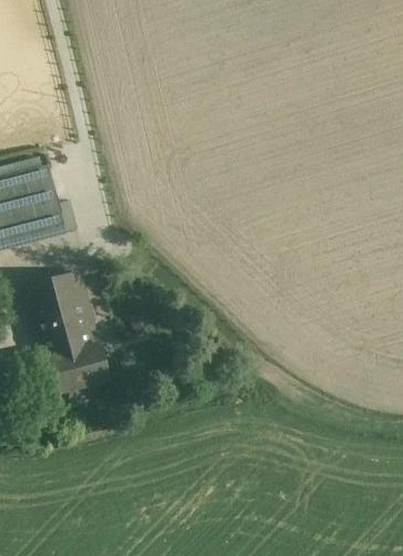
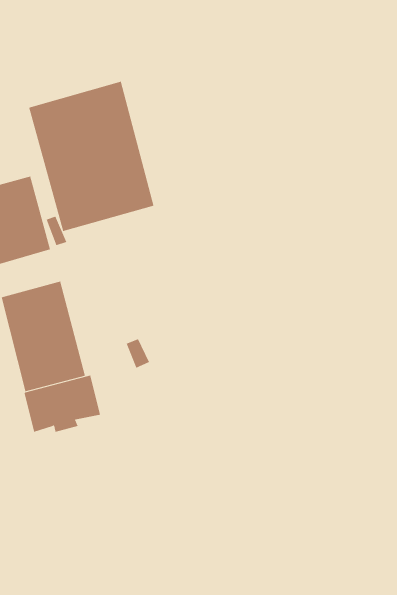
building: none -> [29,81,154,232]

